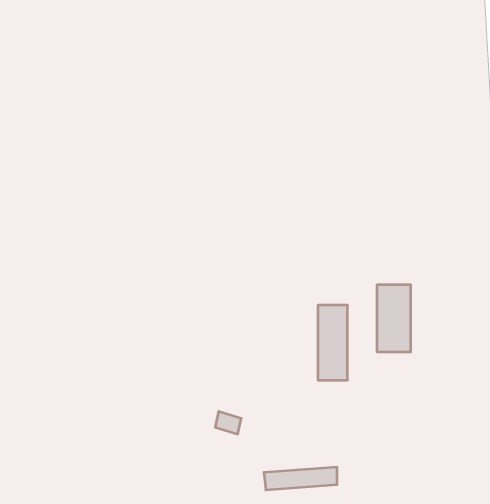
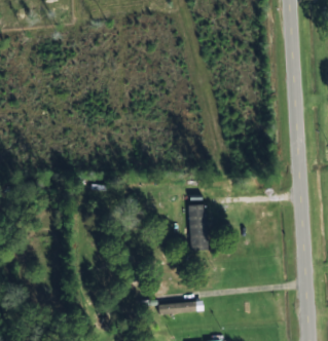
building: [377,285,411,352] -> none

